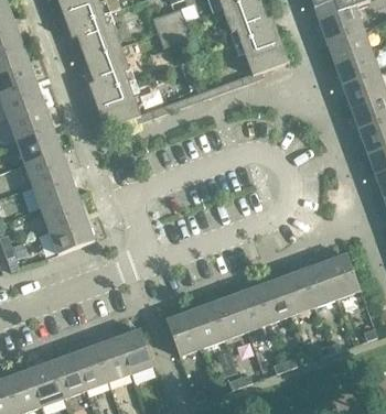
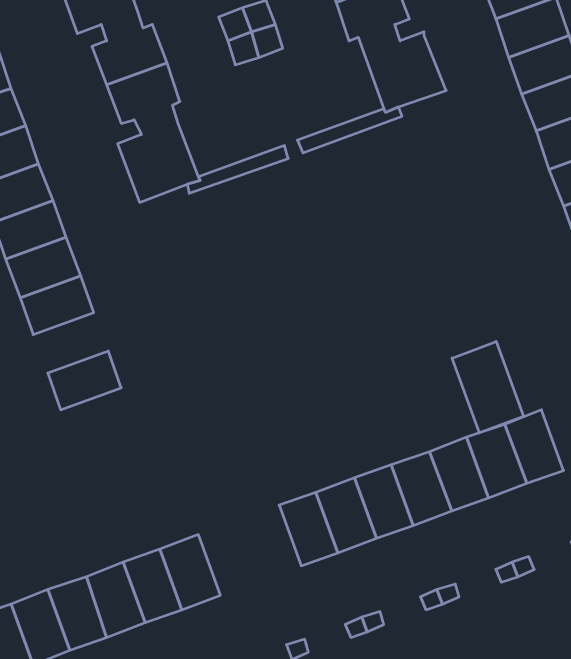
building: [41,195,86,231] -> none
building: none -> [452,341,523,433]
building: [165,310,202,356] -> none

